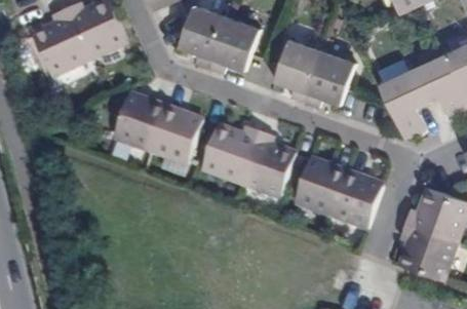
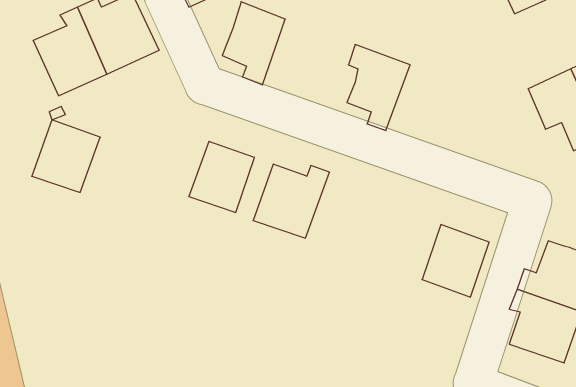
building: [207,16,258,71] -> none
building: [302,51,355,107] -> none
building: [378,70,424,137] -> none
building: [114,96,166,152] -> [32,120,100,192]
building: [240,133,294,198] -> none
building: [294,161,344,216] -> none

